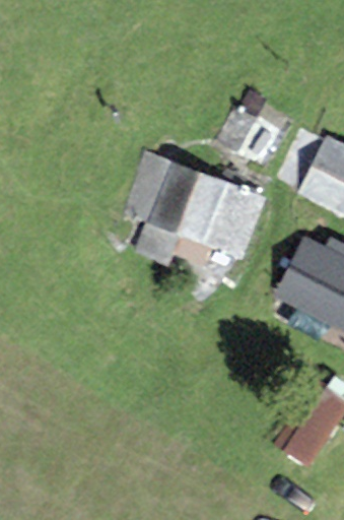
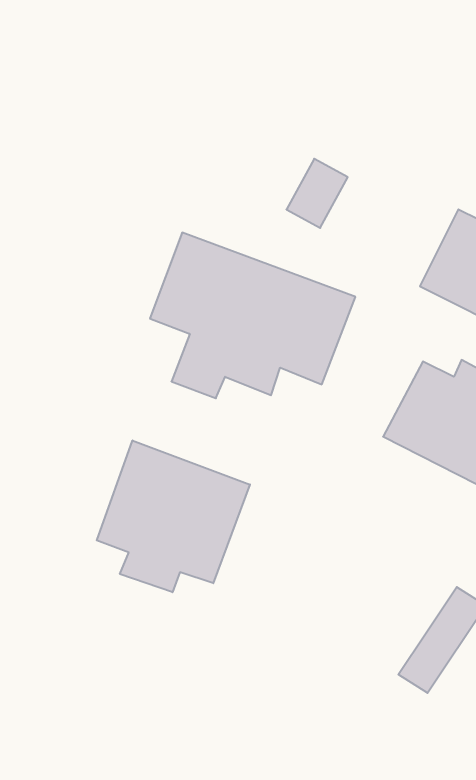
building: none -> [97,440,250,592]

